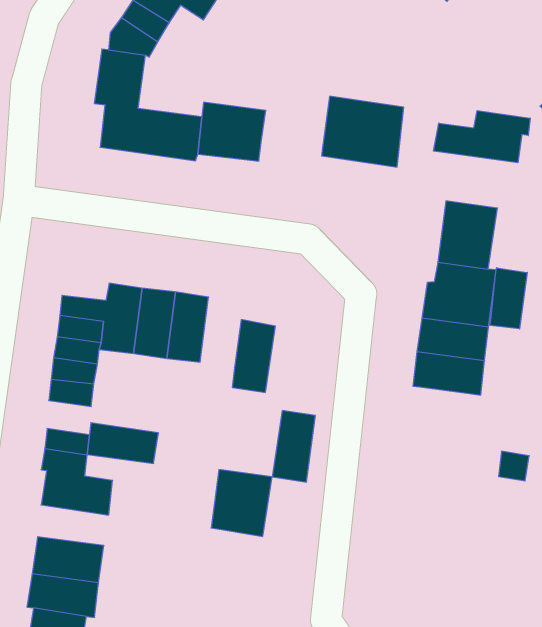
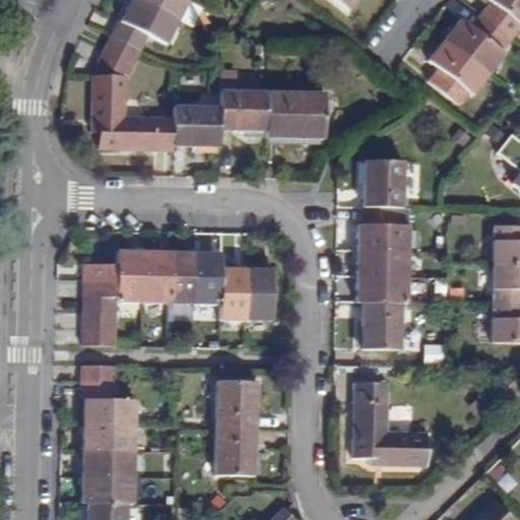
building: none -> [220,89,268,130]
building: [433,111,530,163] -> none
building: [490,268,527,329] -> none
building: none -> [193,252,220,303]
building: none -> [360,302,400,348]
building: [272,411,315,482] -> [245,268,272,320]
building: [87,423,158,463] -> [85,422,137,448]
building: none -> [355,385,429,467]
building: none -> [213,426,255,474]

